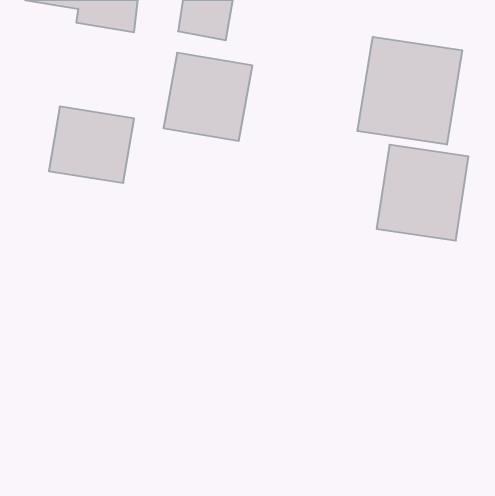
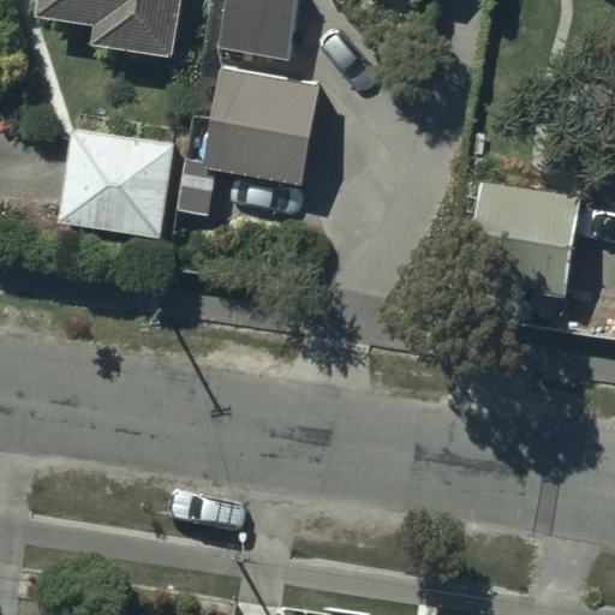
building: [357,37,462,145] -> none

